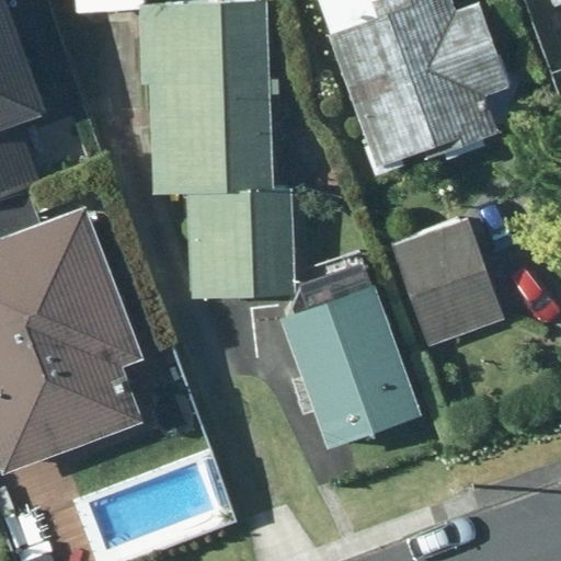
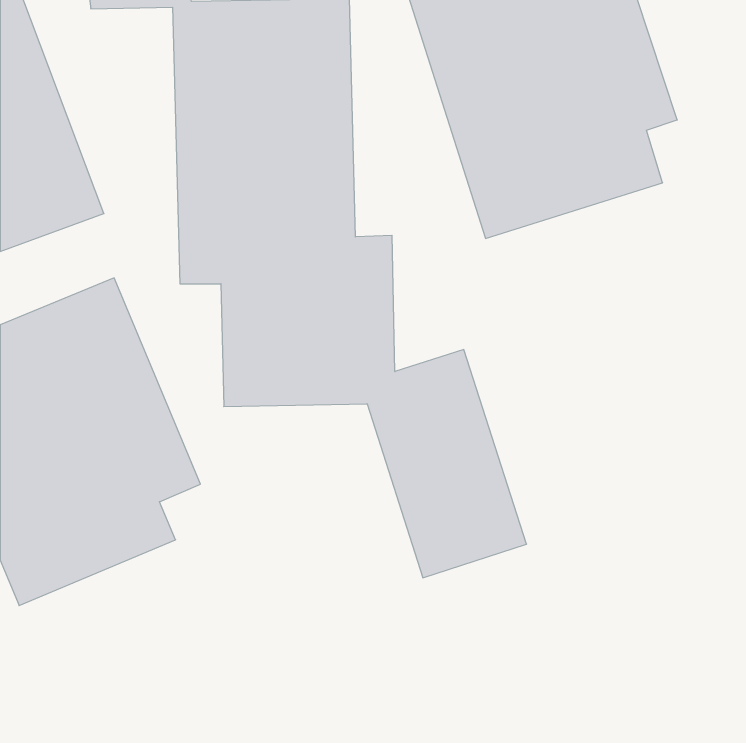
building: [393,217,502,340] -> none

